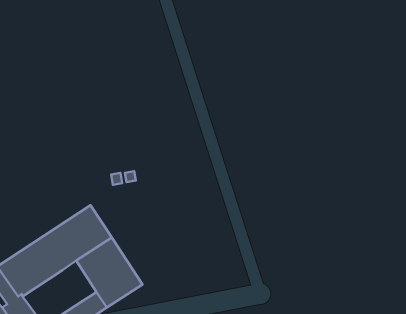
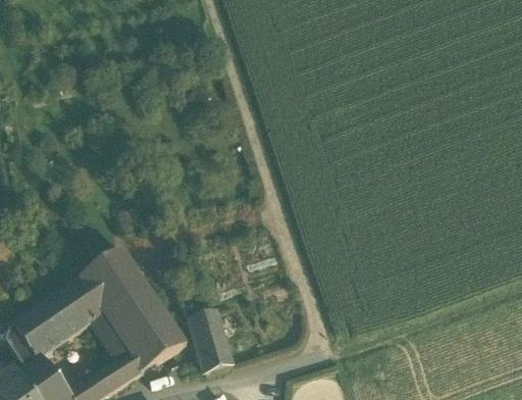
building: none -> [191,307,232,370]
building: none -> [90,313,130,361]

